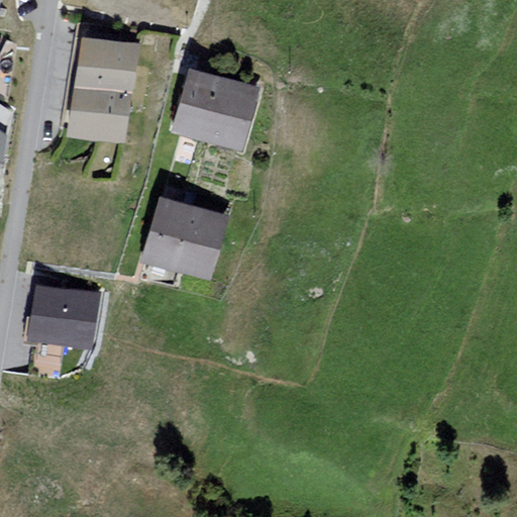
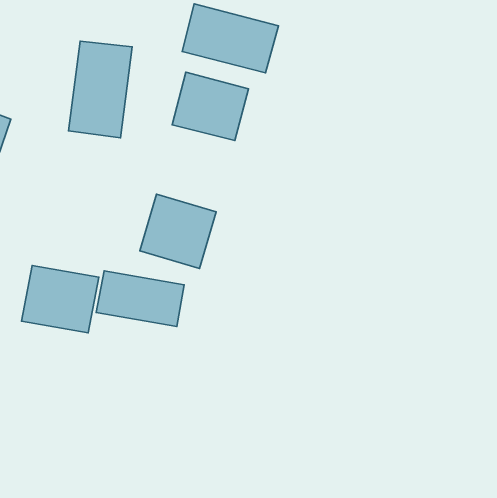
building: none -> [182,4,279,73]
building: none -> [96,271,184,327]

